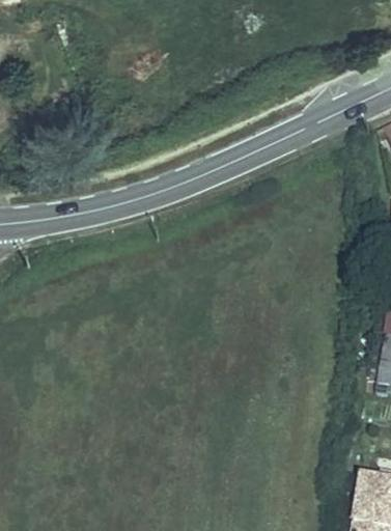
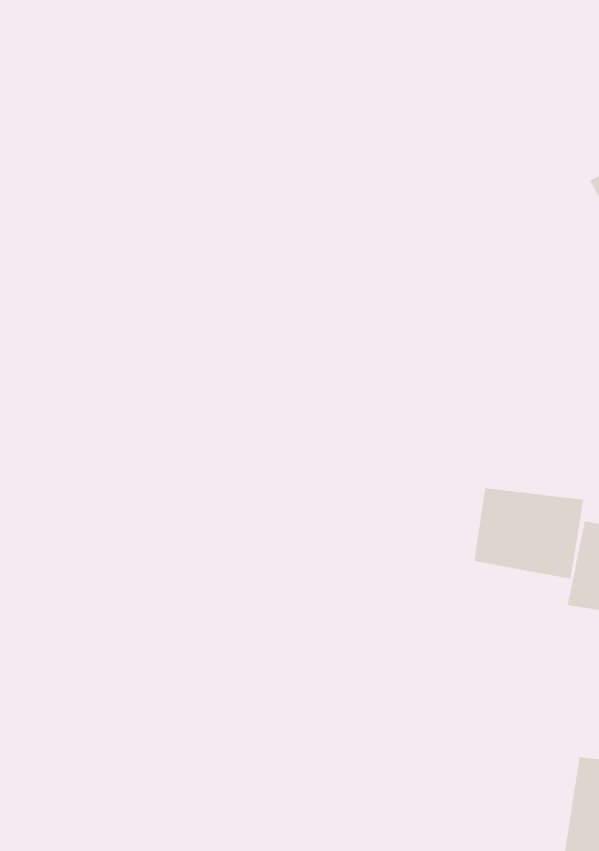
building: none -> [474,487,584,579]

